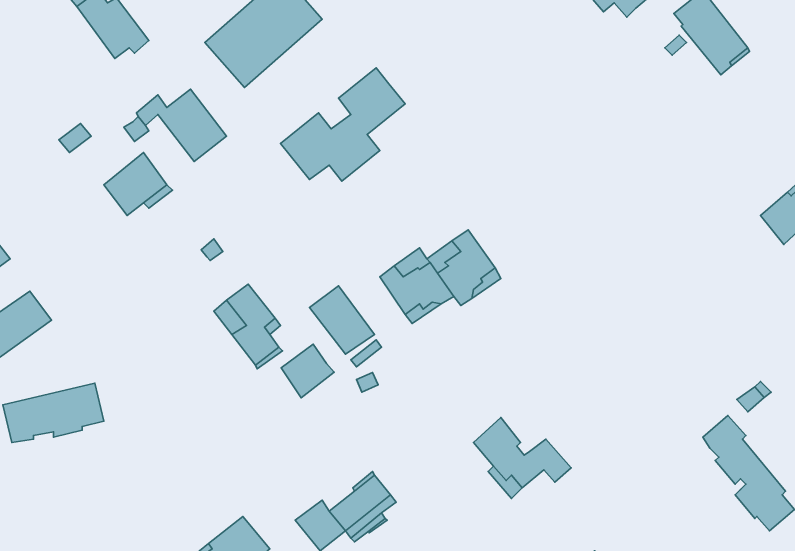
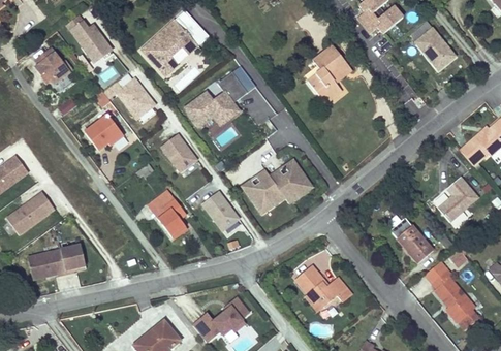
building: none -> [308,44,350,101]
building: none -> [35,47,68,83]
building: none -> [160,132,195,170]
building: none -> [437,178,475,220]
building: [281,344,334,398] -> none
building: none -> [396,224,432,262]

